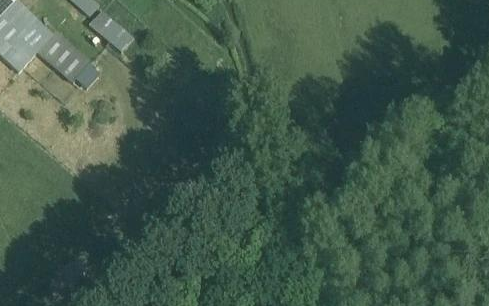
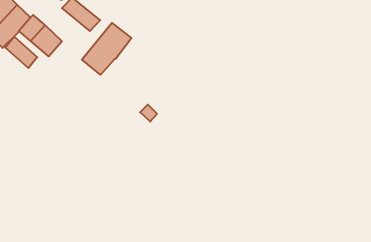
building: none -> [82,23,131,75]
building: none -> [5,37,37,68]

